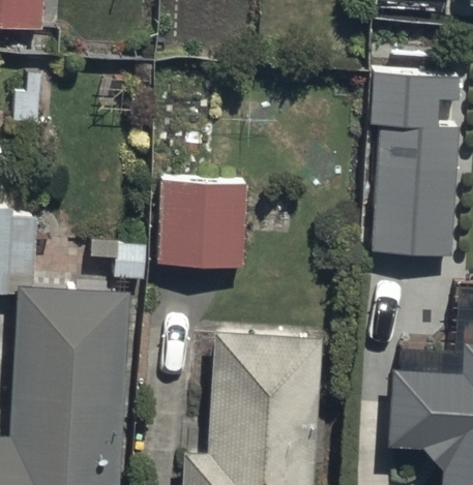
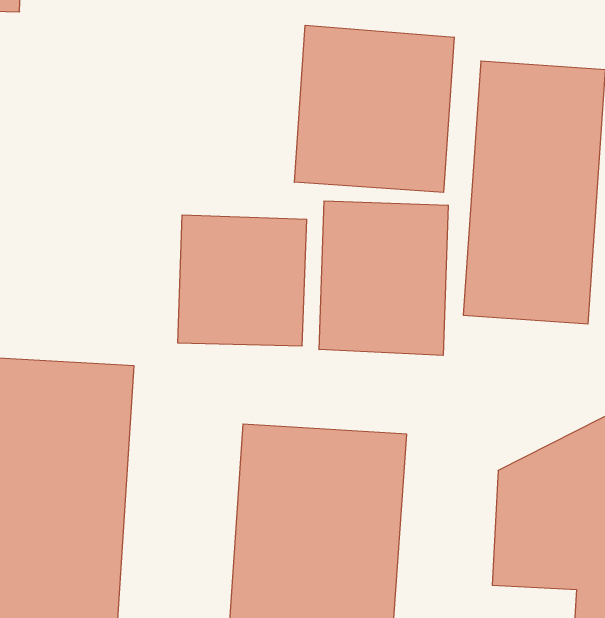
building: none -> [294,25,454,192]
building: none -> [319,201,448,355]

